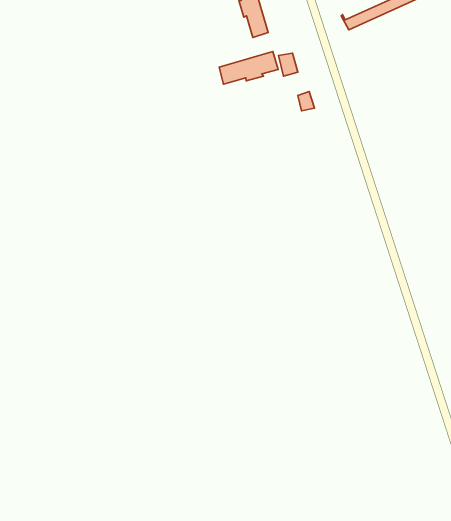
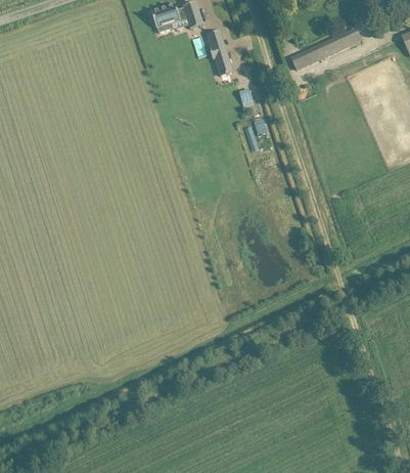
building: [219,51,278,84] -> none

